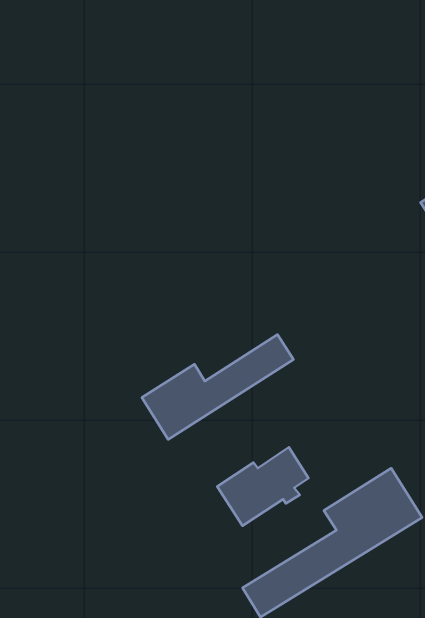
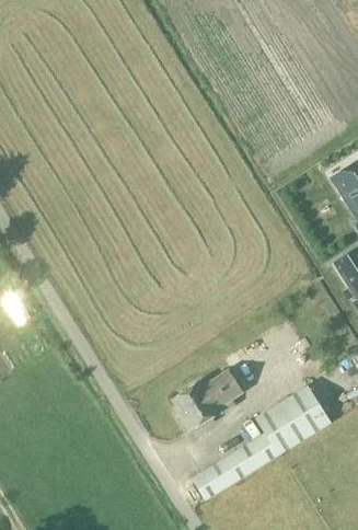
building: [142,334,293,439] -> none

